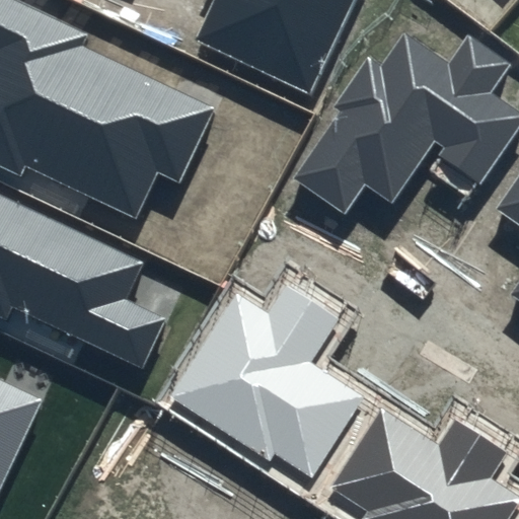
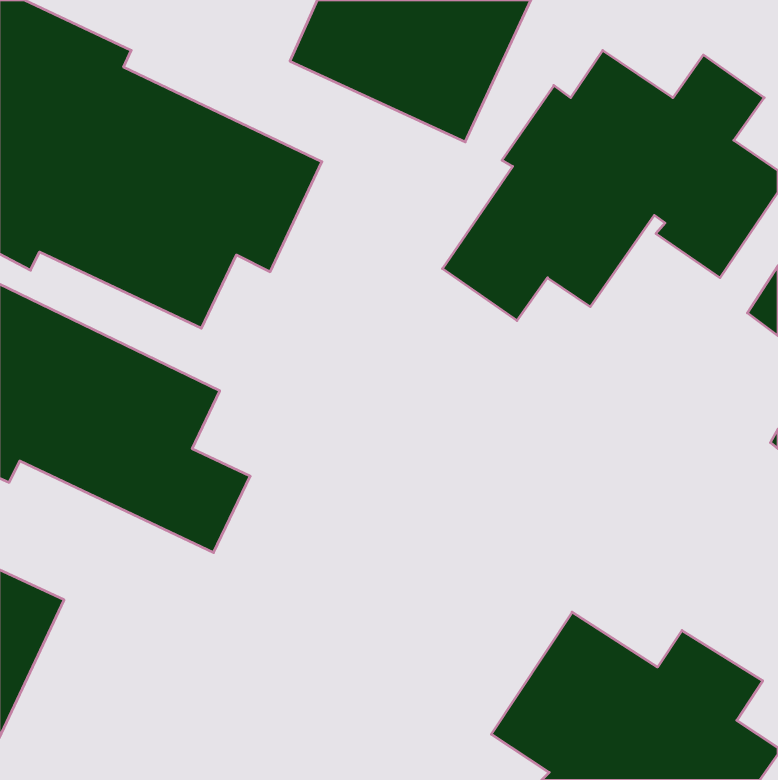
building: [168,286,363,478] -> none

